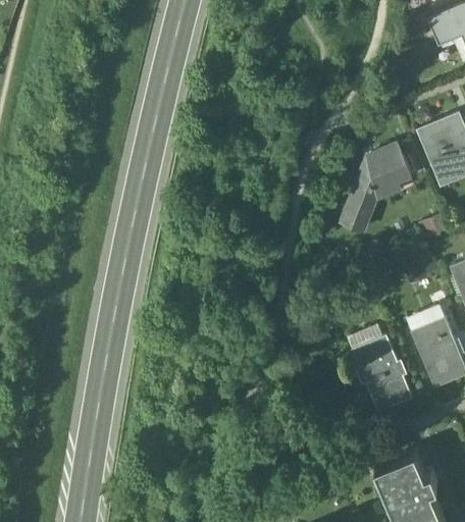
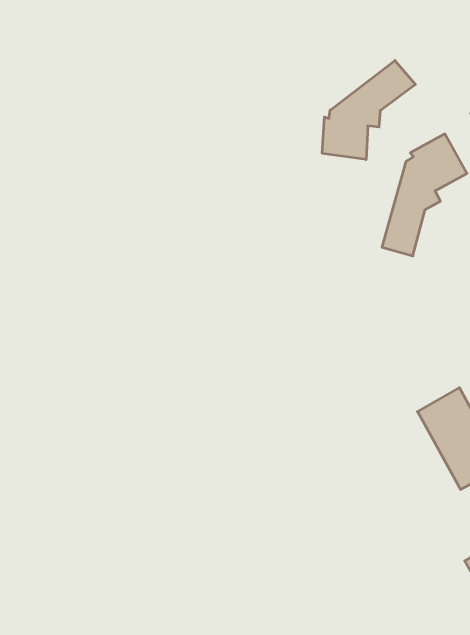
building: none -> [322,60,415,160]

